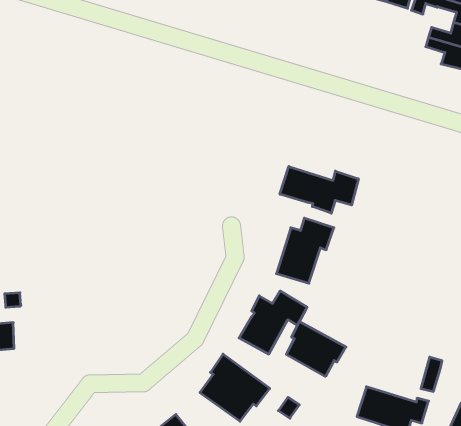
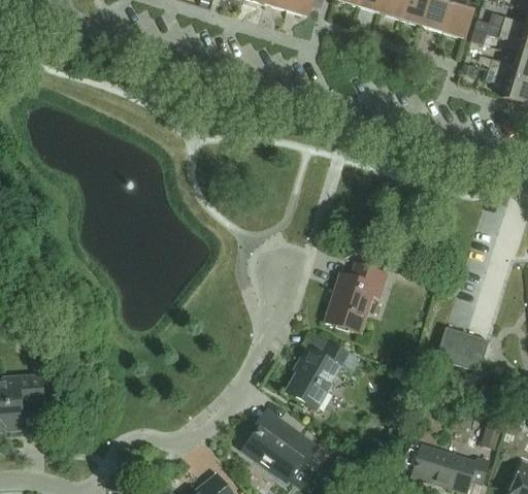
building: [280,166,358,213] -> none
building: none -> [435,327,489,371]
building: [286,321,346,376] -> none

